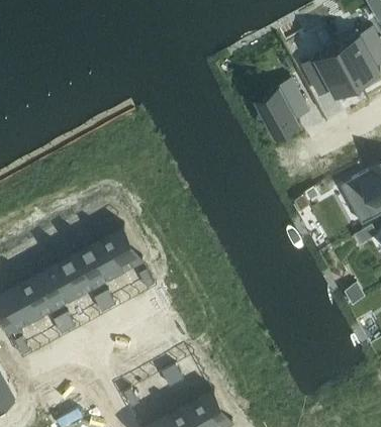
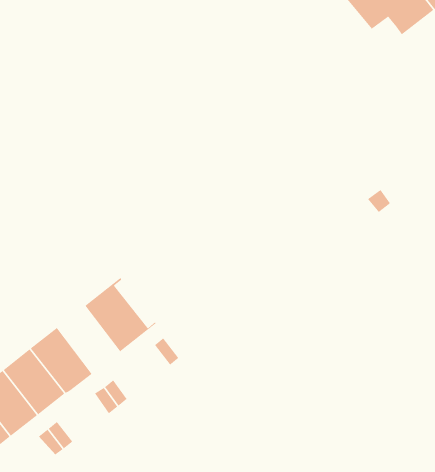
building: [254,80,305,138] -> none
building: [77,241,115,287] -> none

